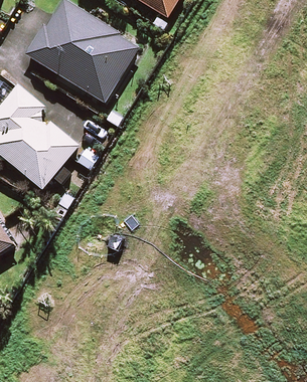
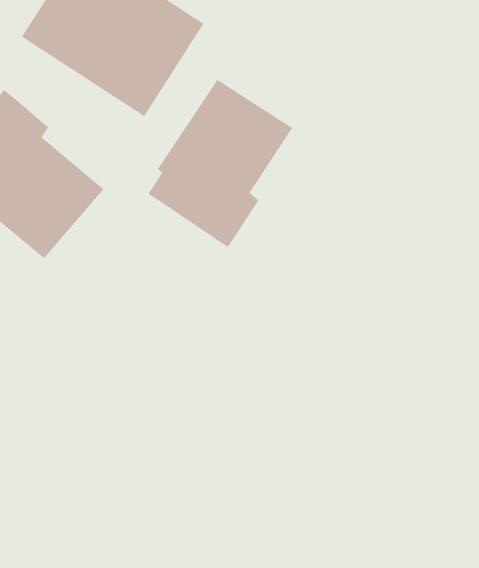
building: none -> [147,79,293,248]

